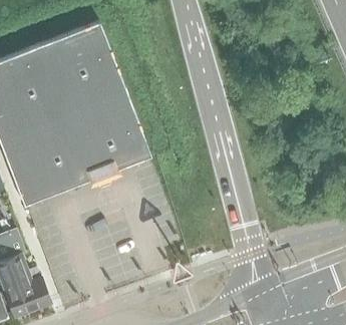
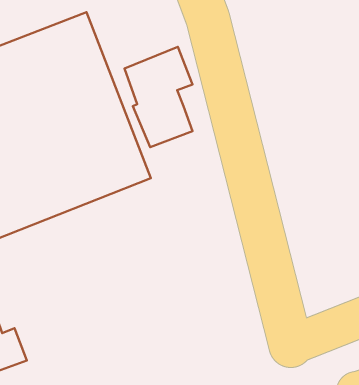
building: none -> [124,47,193,147]

